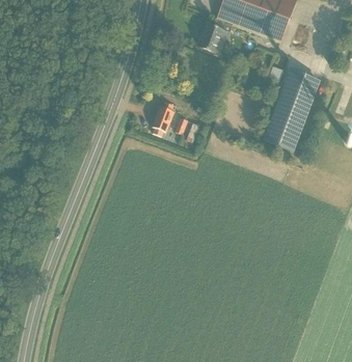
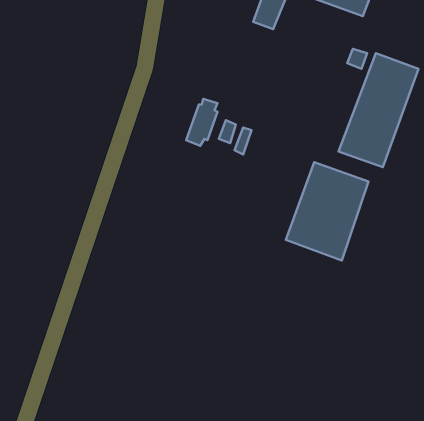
building: none -> [286,162,369,260]

